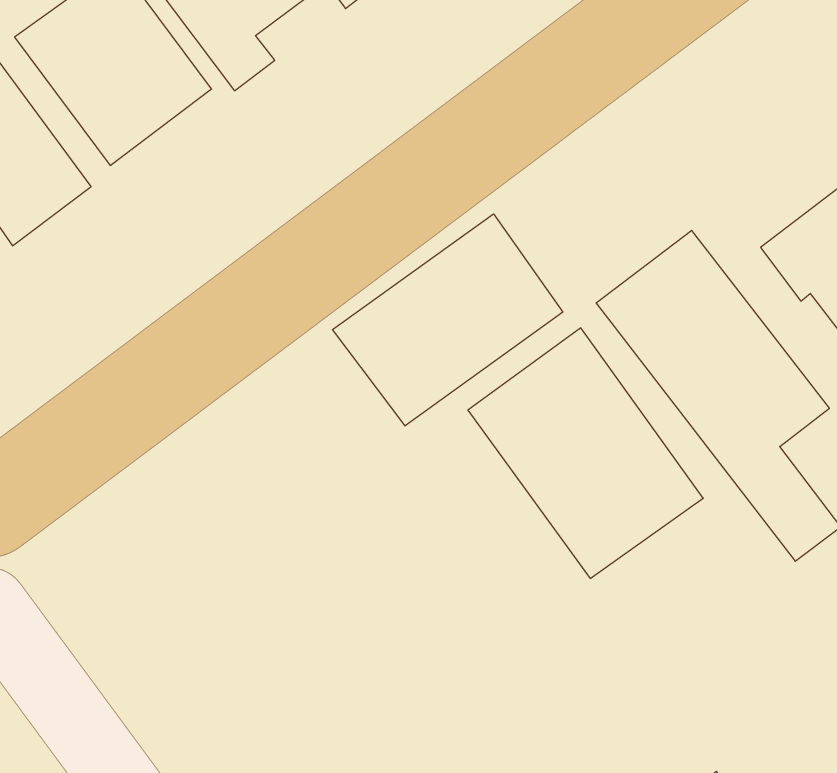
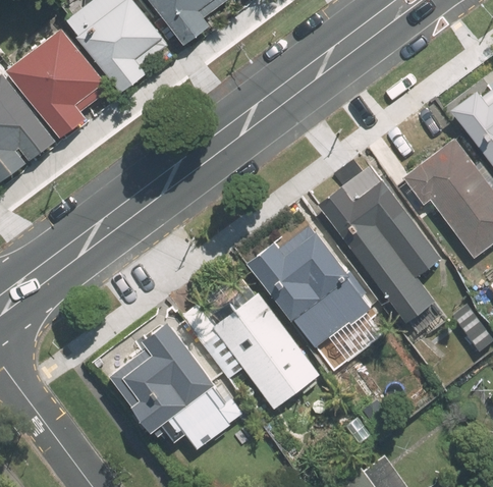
building: [333,214,563,426] -> none
building: none -> [180,287,319,413]
building: none -> [113,321,242,449]

